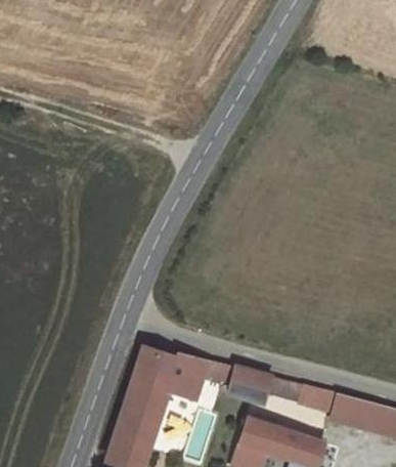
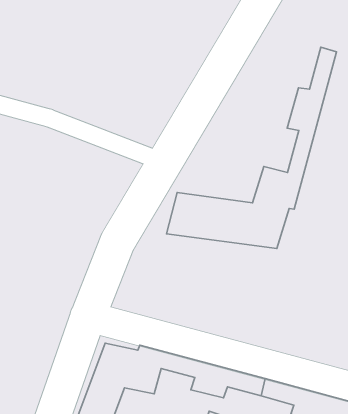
building: none -> [167,47,336,249]

